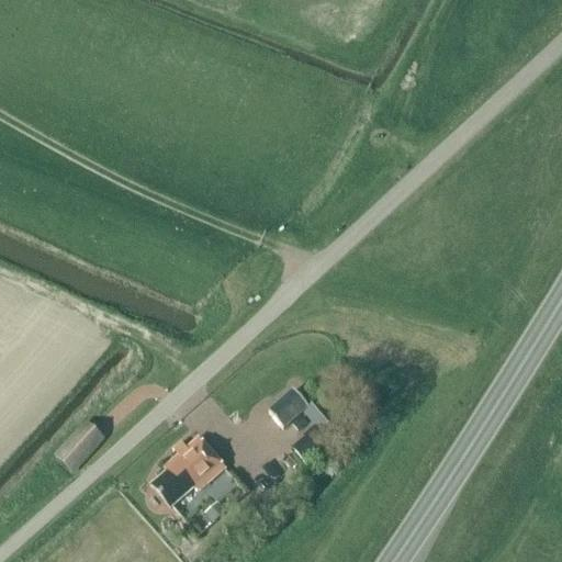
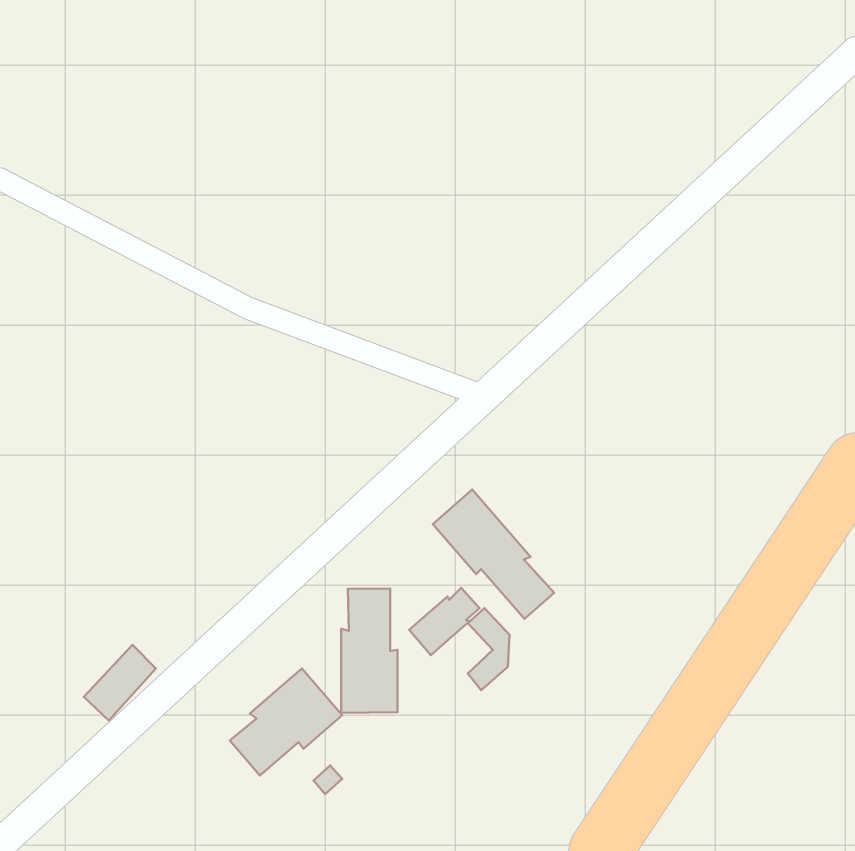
building: none -> [433,489,554,619]
building: none -> [341,588,398,713]

